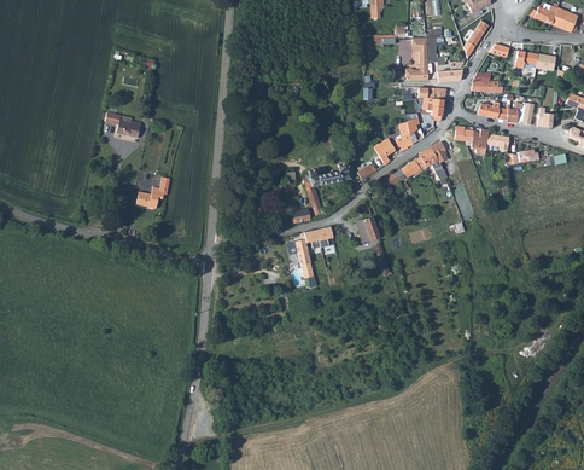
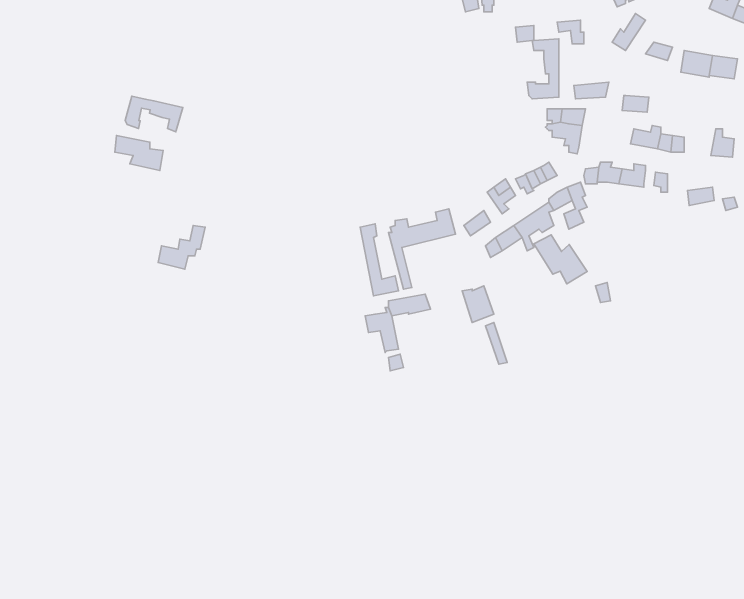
building: none -> [125,96,183,132]
building: none -> [534,235,587,284]

